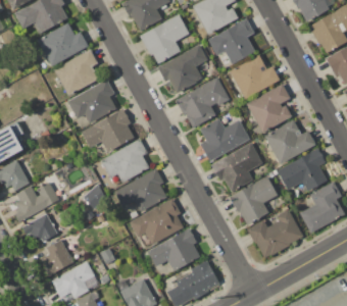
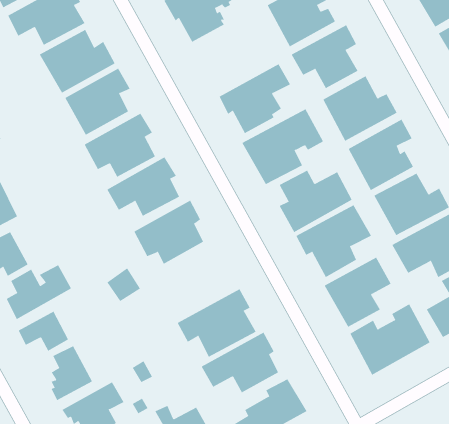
building: [140,14,189,62] -> none
building: [114,168,167,212] -> none

